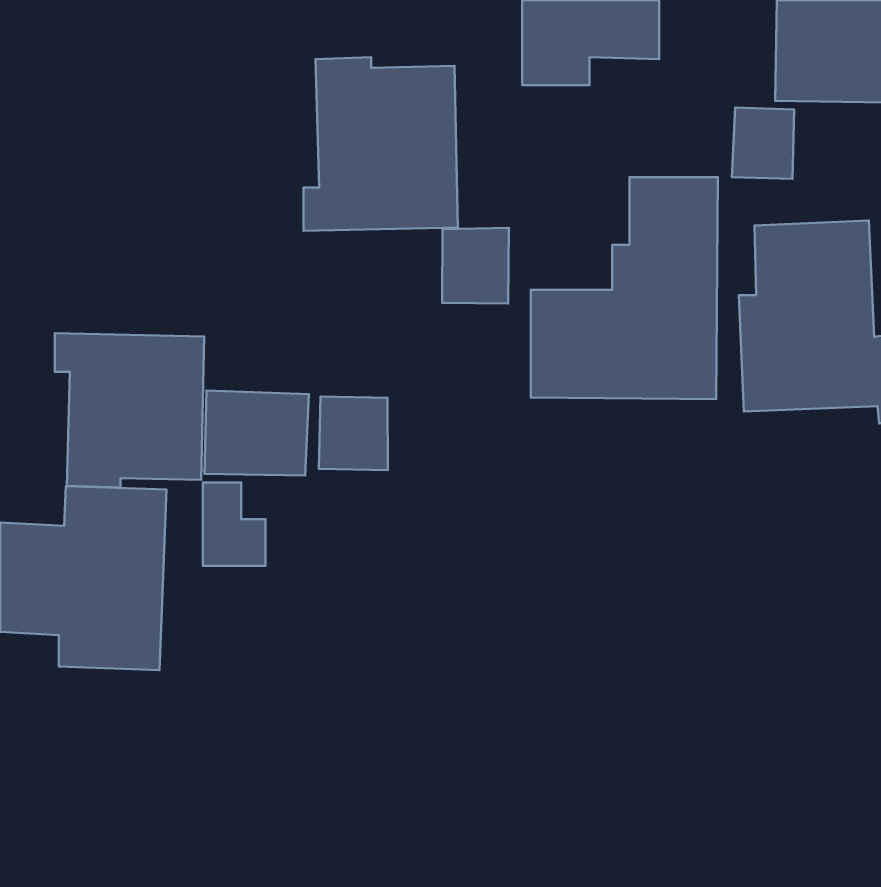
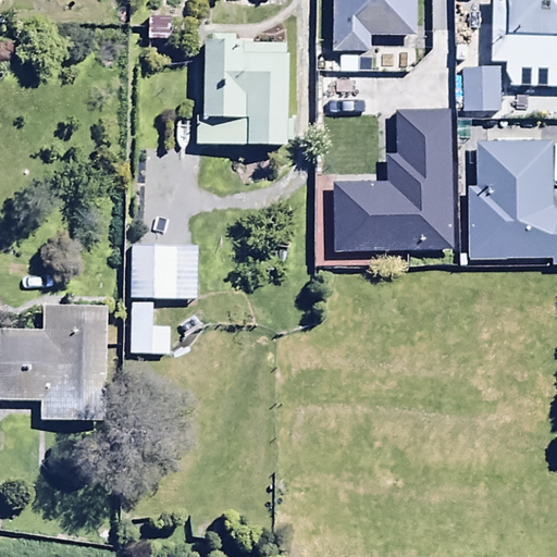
building: [442,228,509,304] -> none
building: [55,333,204,488] -> none
building: [319,396,388,470] -> none

